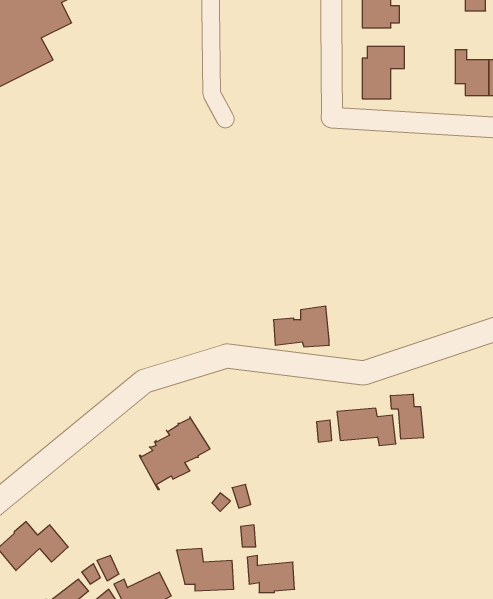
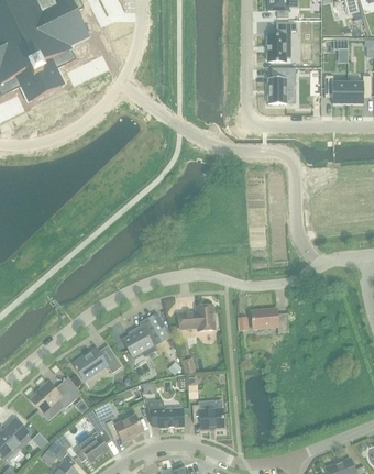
building: [273,306,329,347] -> [177,304,213,330]
building: [391,394,423,439] -> none
building: none -> [70,345,120,386]

